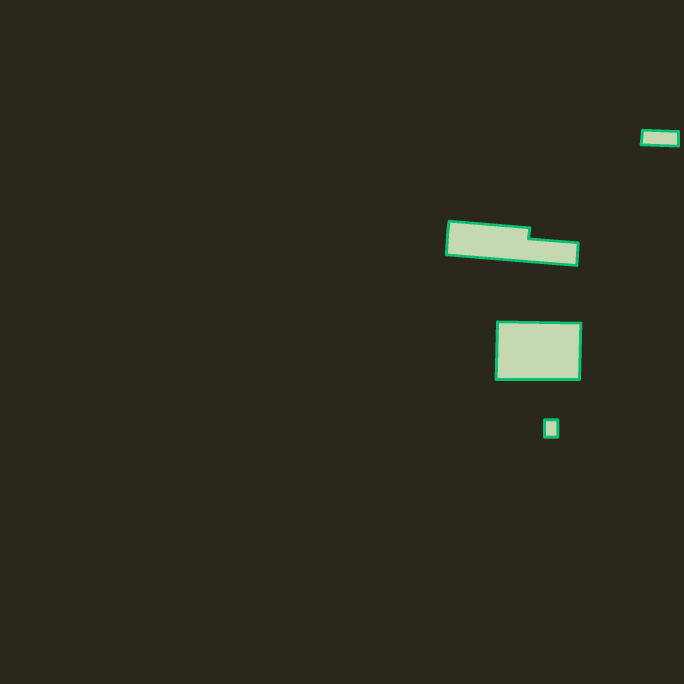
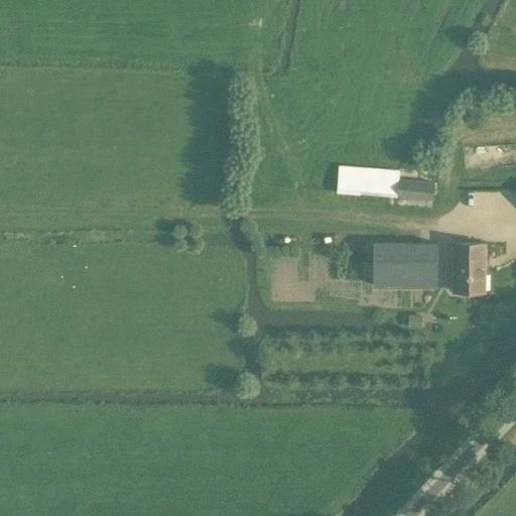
building: none -> [454,244,486,292]

